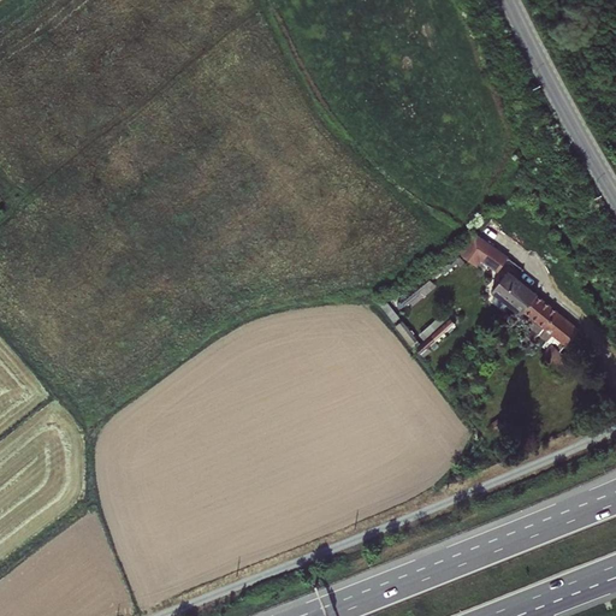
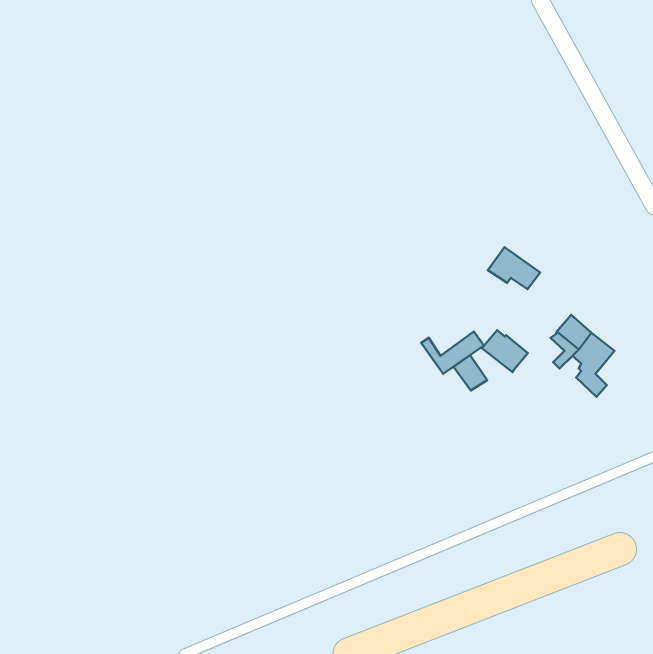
building: [494,274,538,314] -> [482,330,528,372]
building: none -> [454,355,487,391]

